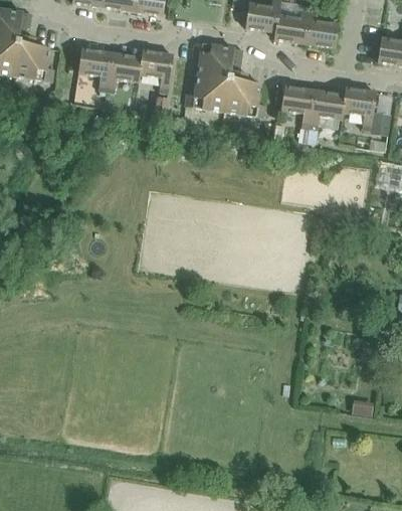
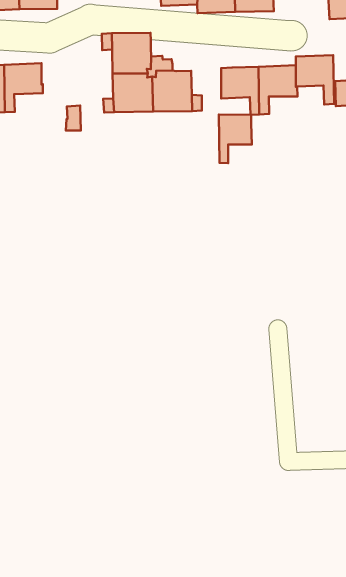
building: [139,49,173,93] -> none
building: none -> [219,114,252,163]

